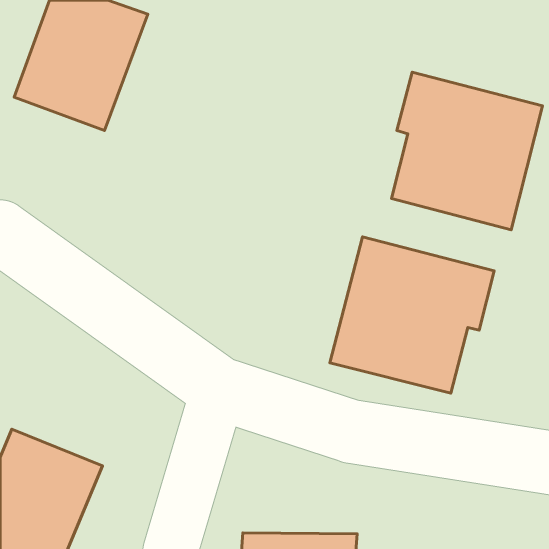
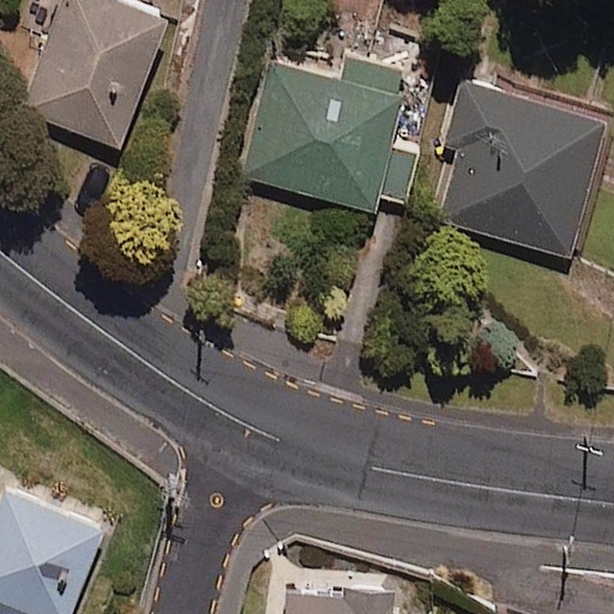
building: none -> [242,55,405,209]
building: [330,237,494,393] -> none

